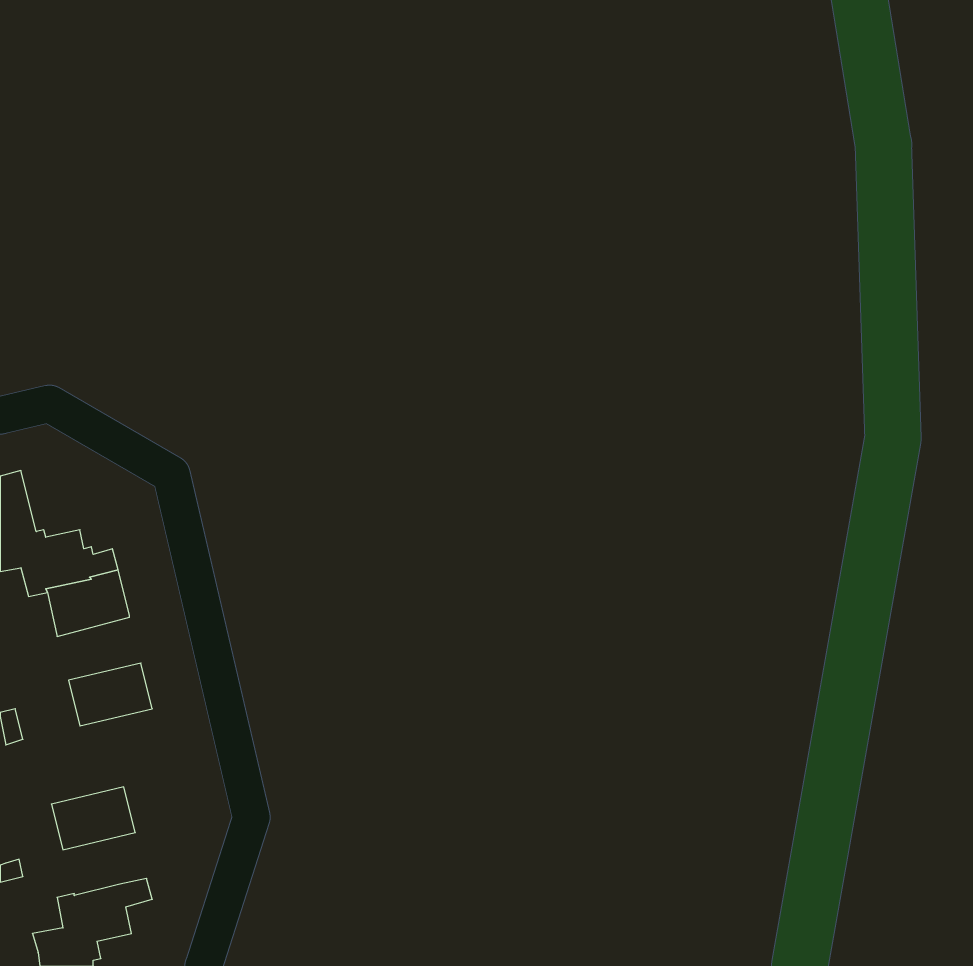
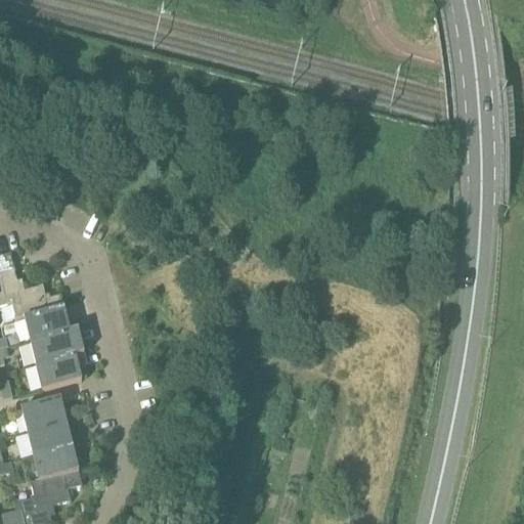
building: none -> [31,329,84,365]
building: none -> [21,398,67,432]
building: none -> [34,447,79,481]

